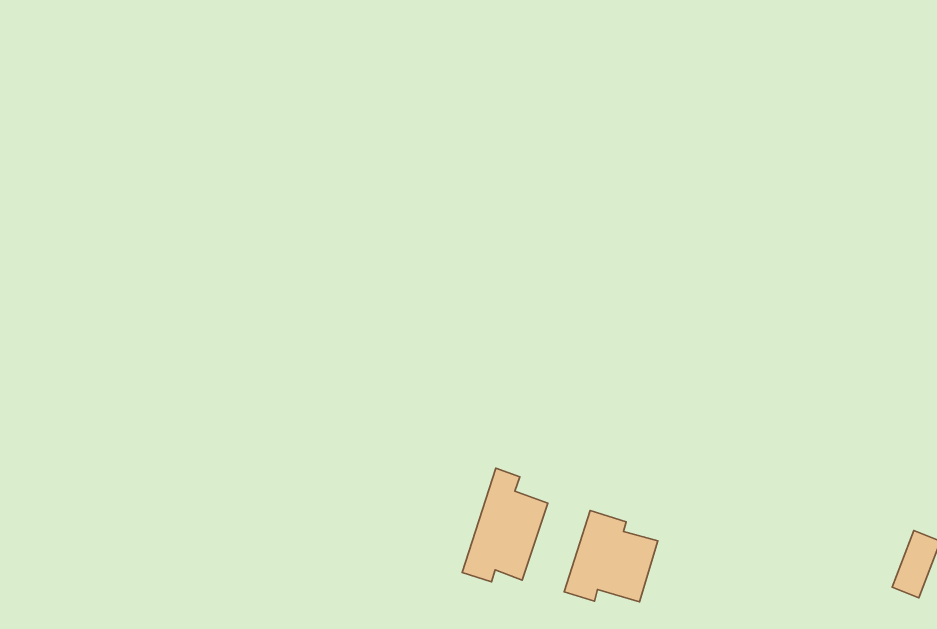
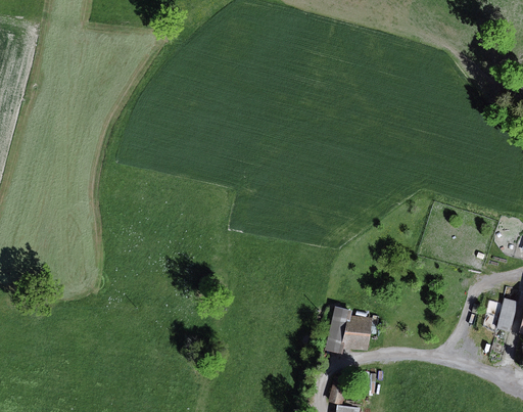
building: [462,468,548,582] -> none

